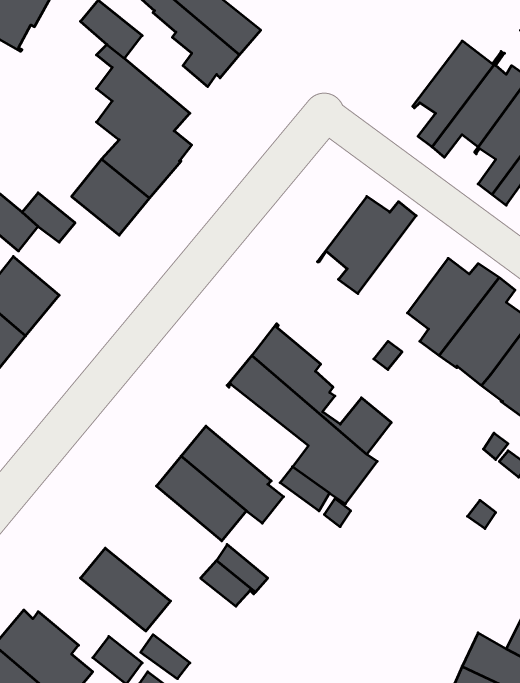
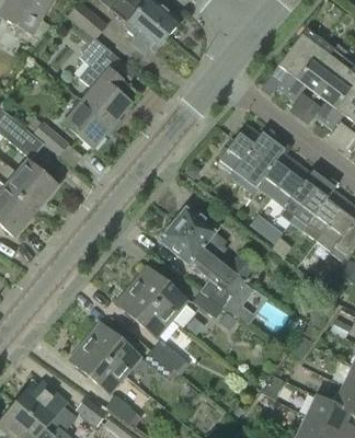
building: none -> [241,137,297,204]
building: none -> [84,324,140,376]

